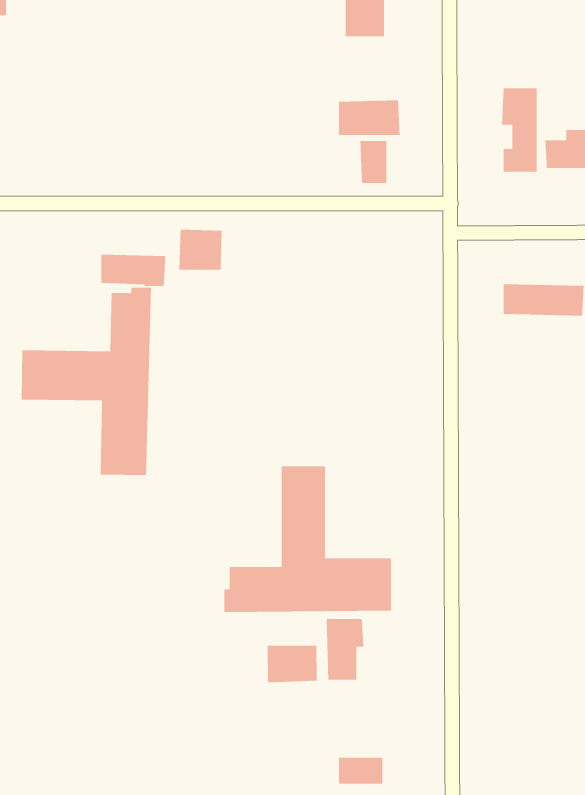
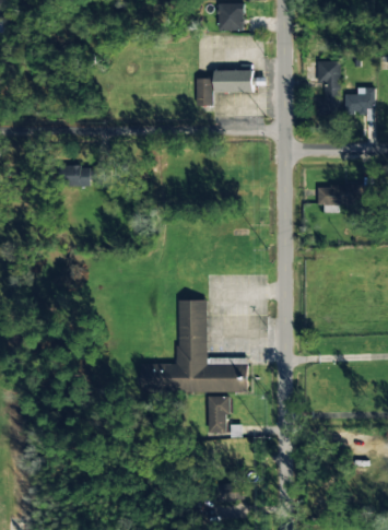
building: [359,140,387,184] -> [196,78,213,105]
building: [179,229,223,271] -> none
building: [21,287,152,476] -> none
building: [267,645,317,683] -> none

